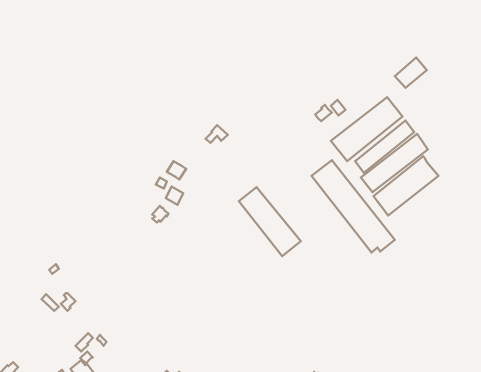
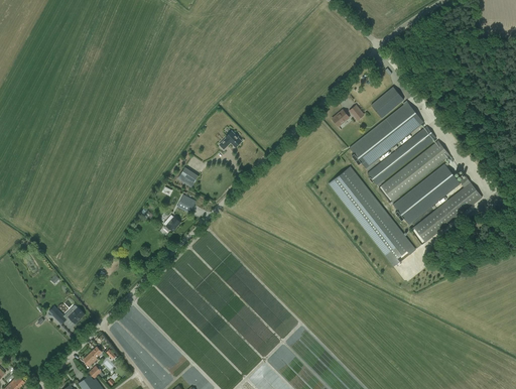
building: [395,58,427,88] -> [371,87,404,118]
building: none -> [413,176,482,242]
building: [239,187,301,256] -> none

